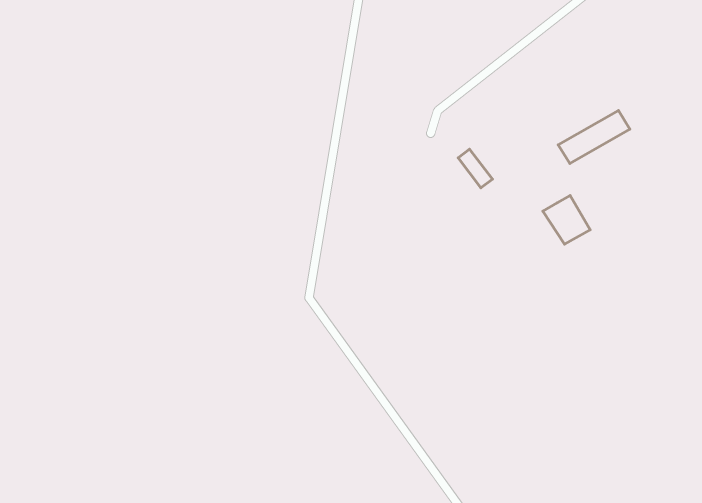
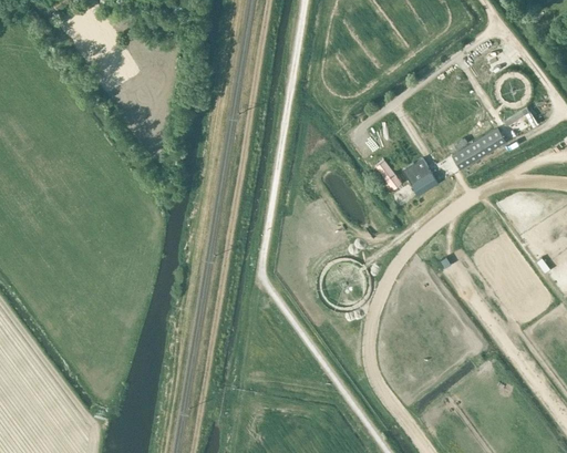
building: [543,196,590,244] -> [401,156,437,194]

